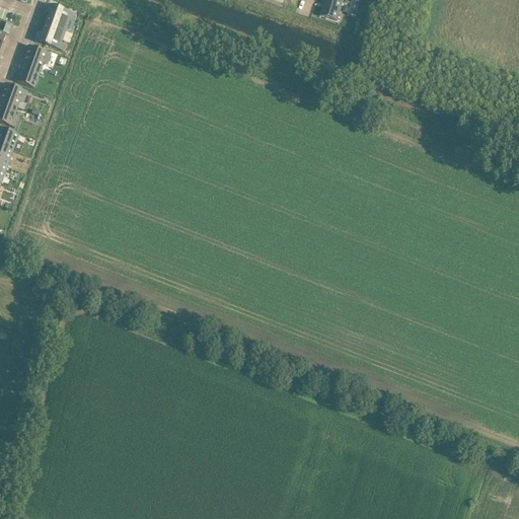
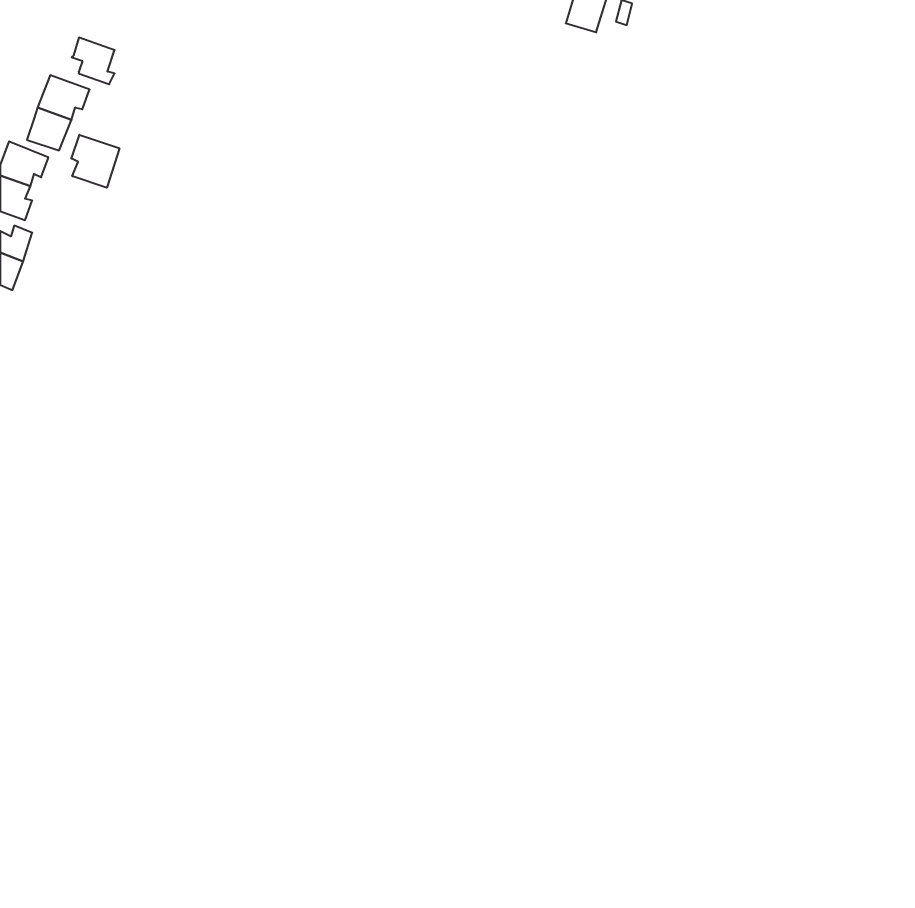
building: [45,5,75,28] -> none
building: none -> [71,135,119,188]

